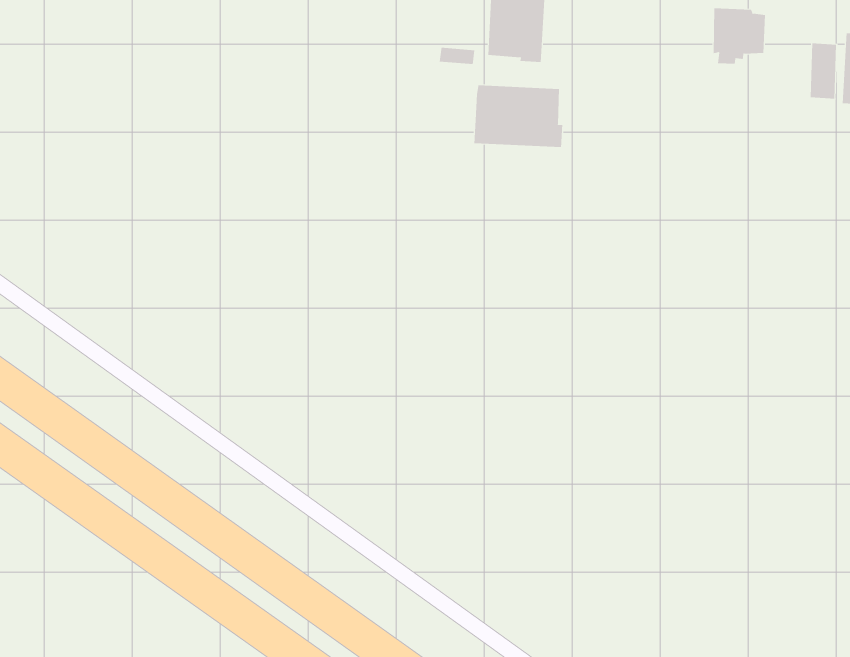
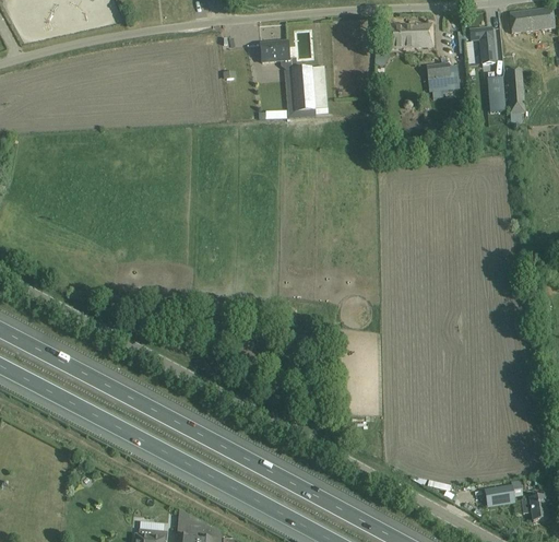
building: [474,84,563,148] -> none

